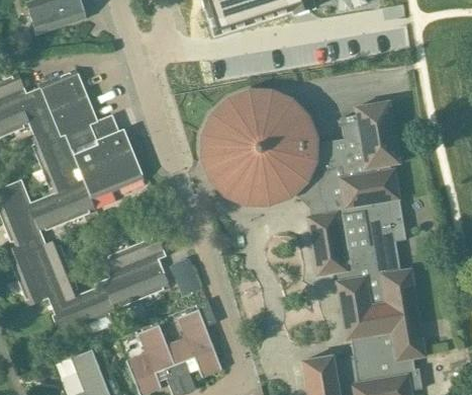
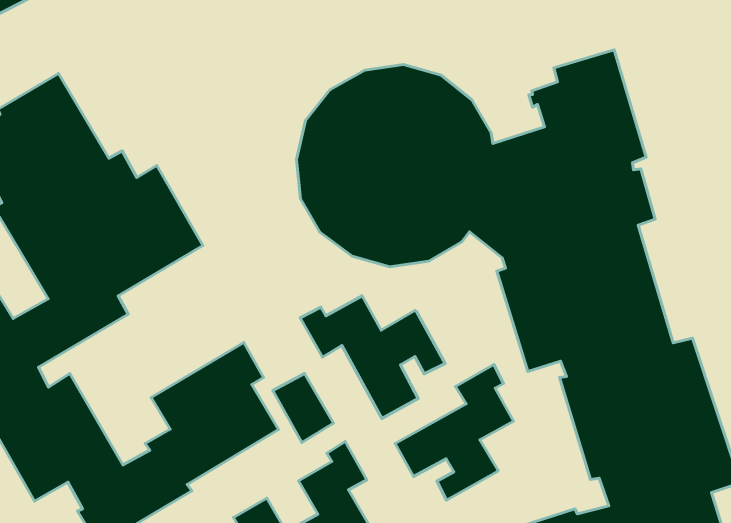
building: none -> [300,296,445,419]
building: none -> [395,364,513,500]

